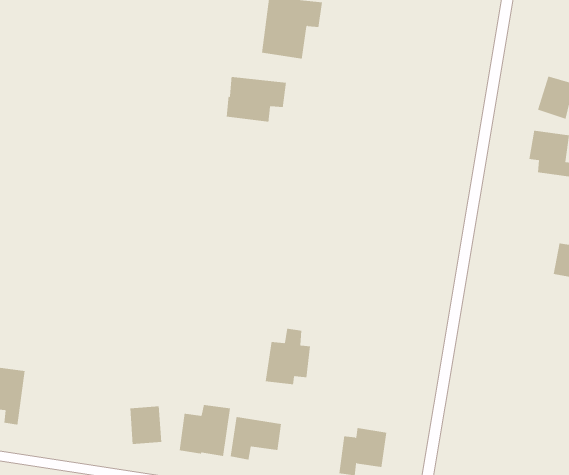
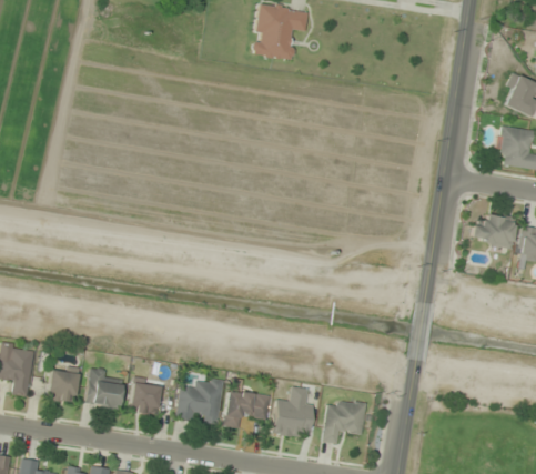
building: [226,76,286,123] -> none
building: none -> [471,215,515,246]
building: [265,328,311,385] -> [271,385,313,437]
building: none -> [48,369,78,401]
building: none -> [85,369,121,410]

